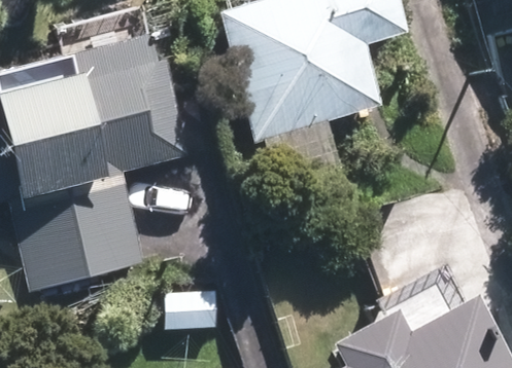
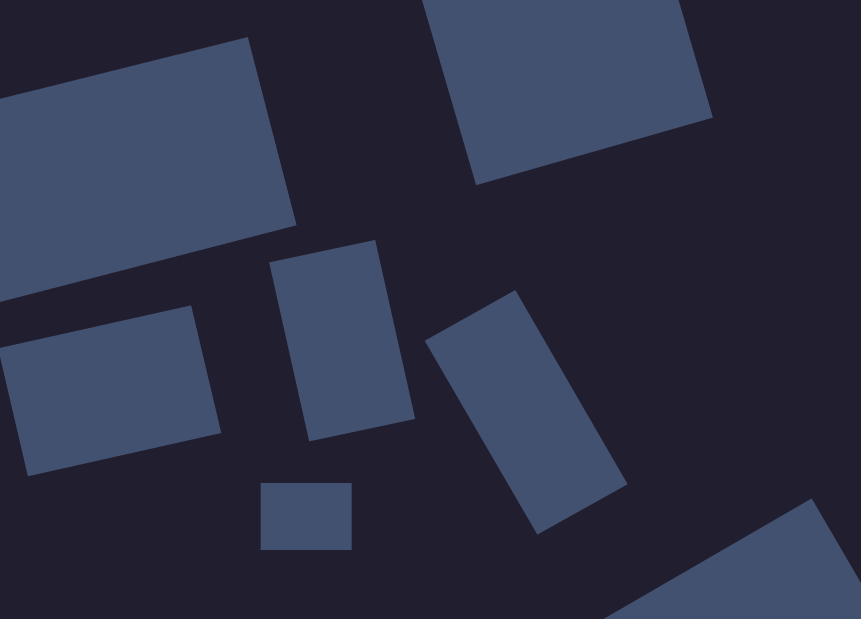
building: none -> [268,239,416,442]
building: none -> [424,289,629,536]

